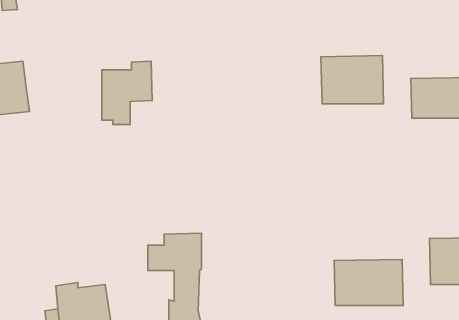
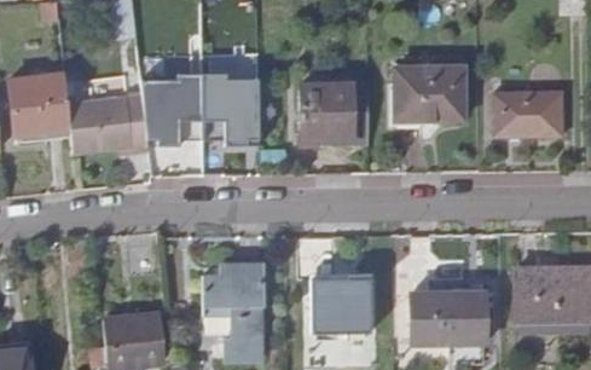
building: none -> [207,74,265,143]
building: none -> [300,85,369,144]
building: none -> [69,94,146,154]
building: none -> [309,277,370,333]

